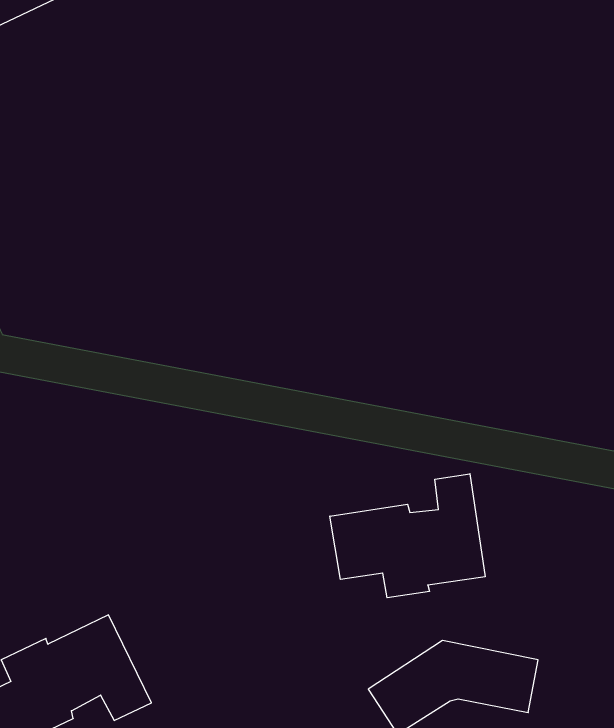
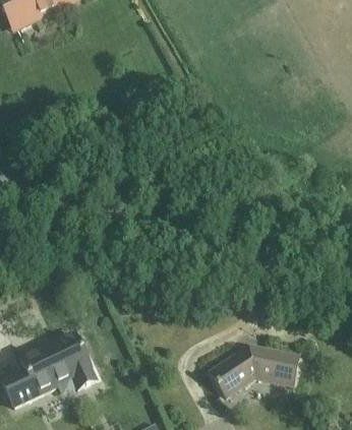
building: [330,474,485,598] -> none

